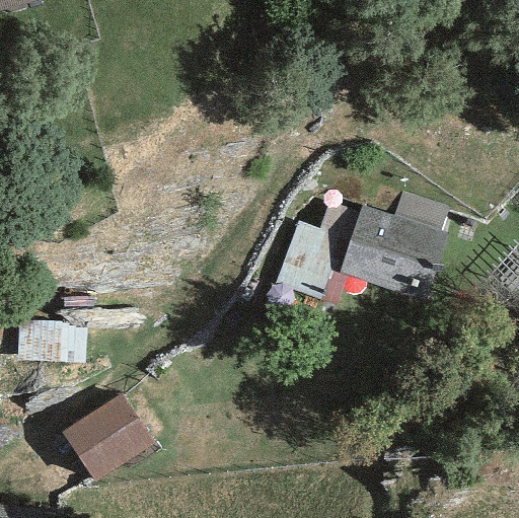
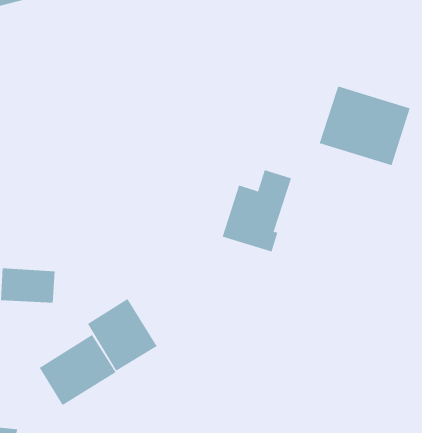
building: [341,206,448,300] -> [319,86,410,166]
building: none -> [87,298,157,371]

